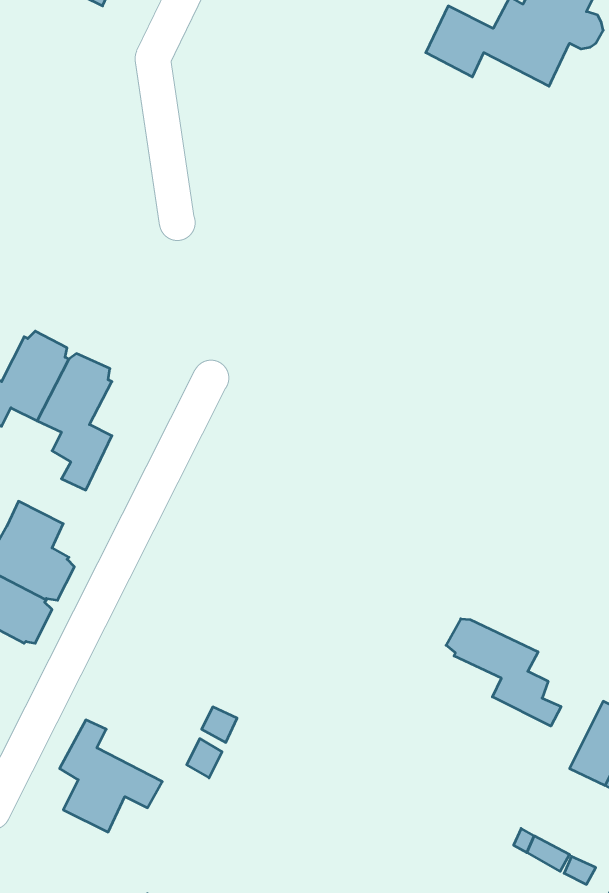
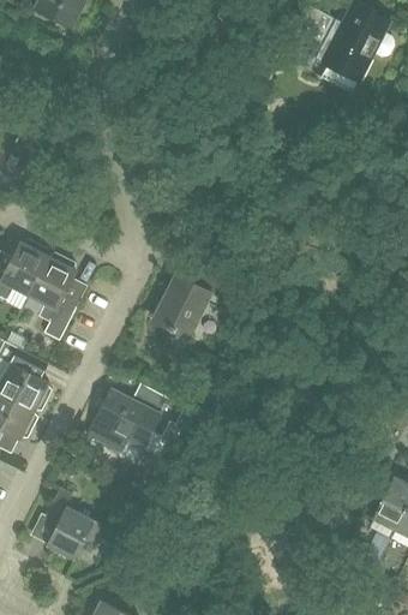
building: none -> [154,267,244,336]
building: none -> [86,389,185,452]
building: [446,619,561,726] -> none

